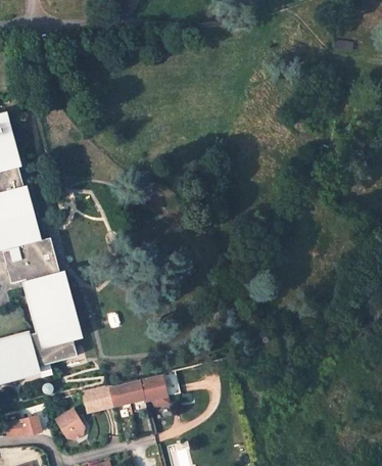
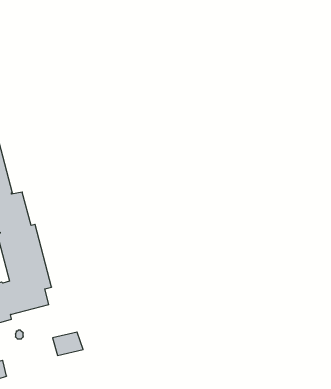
building: [108,373,168,405] -> none
building: [55,409,84,439] -> none

